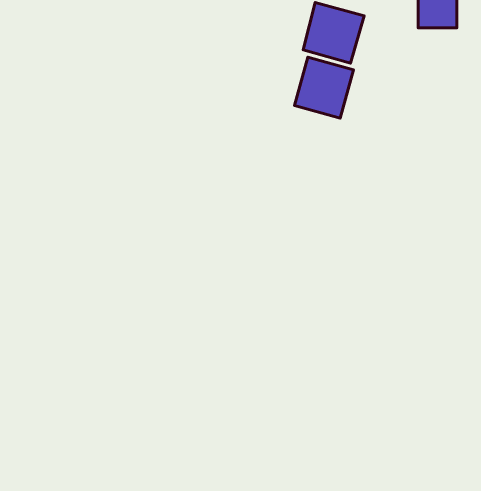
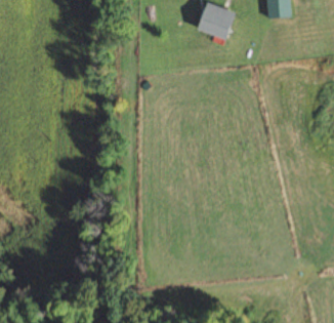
building: [295,57,354,118] -> none

